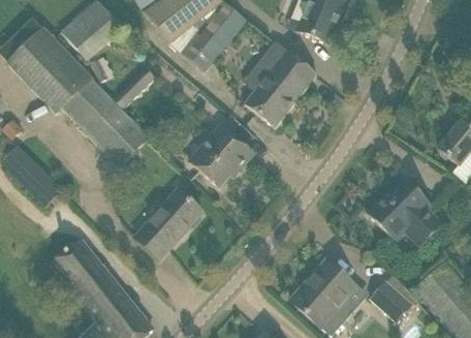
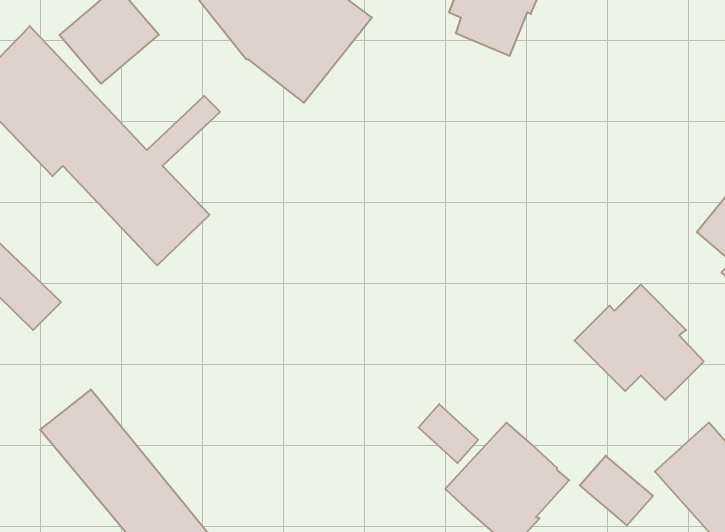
building: [245,41,315,126] -> none
building: [189,123,254,186] -> none
building: [138,191,202,257] -> none
building: none -> [419,404,478,463]

